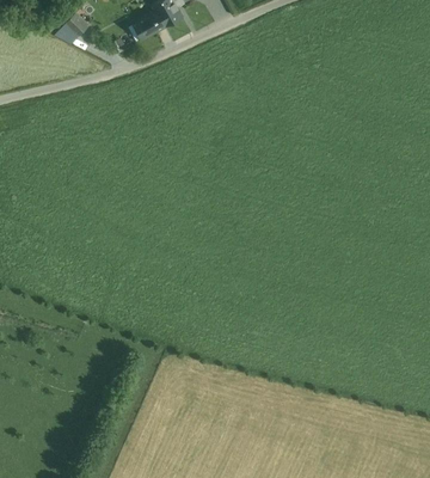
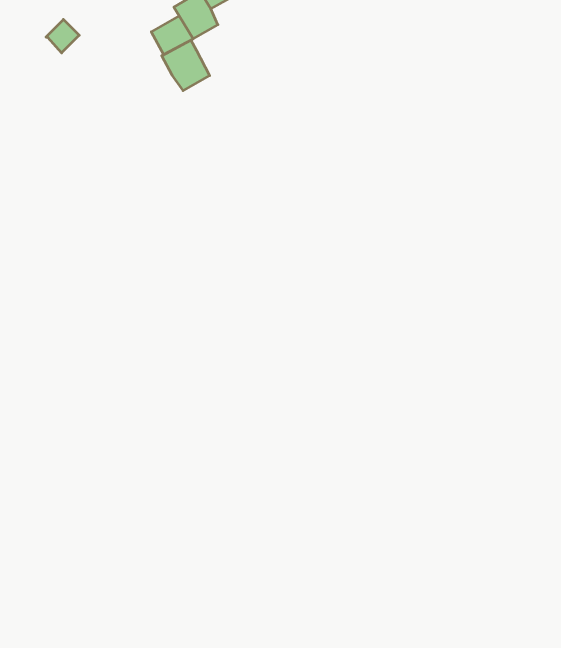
building: none -> [162,40,210,91]

